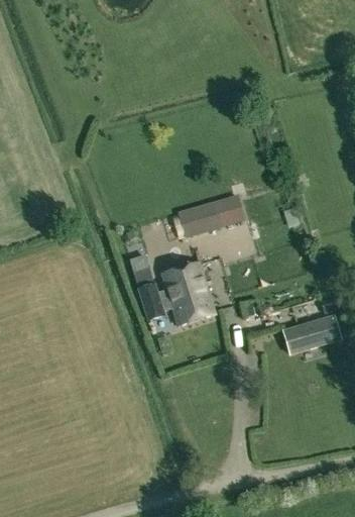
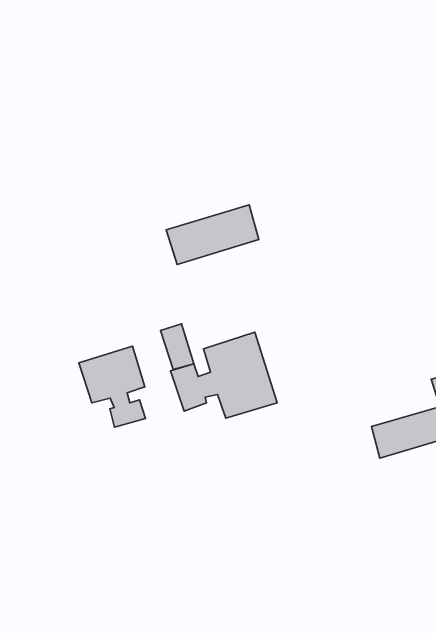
building: [178,194,245,237] -> [166,205,259,265]
building: none -> [79,346,146,427]

